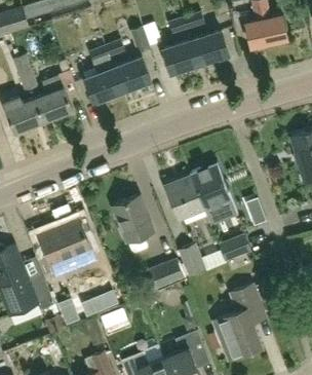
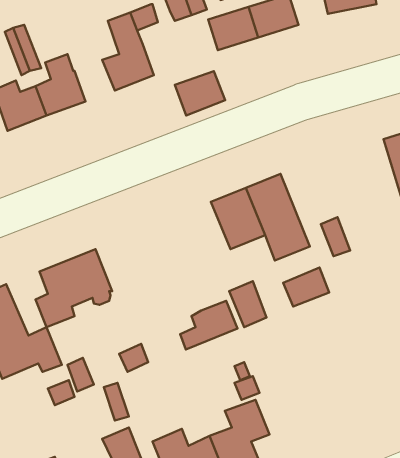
building: [114,59,151,91] -> [175,71,225,116]
building: [112,195,155,243] -> none
building: [213,285,262,361] -> none

